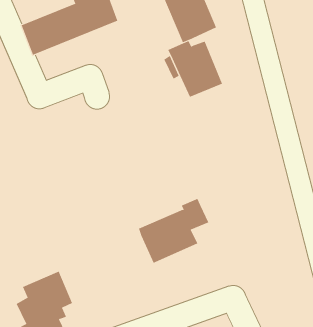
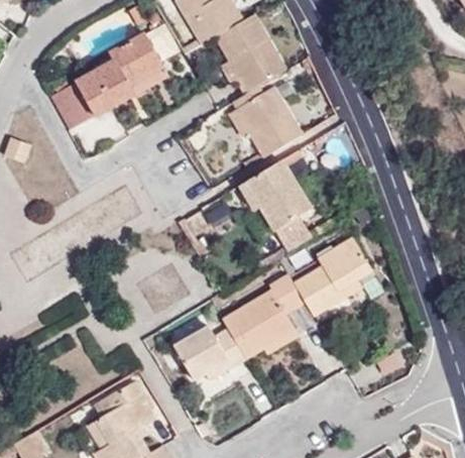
building: none -> [238,160,312,253]
building: none -> [293,238,373,316]
building: none -> [172,326,244,381]

